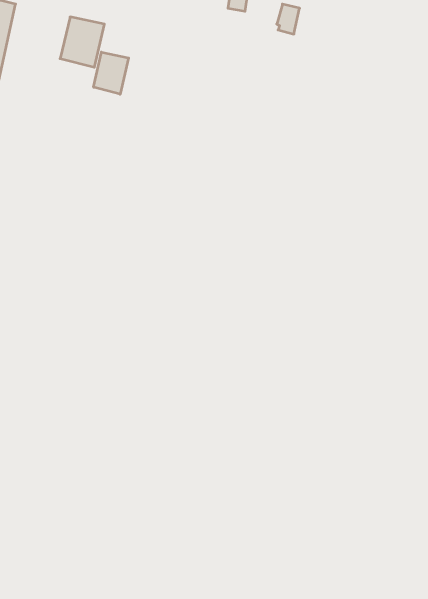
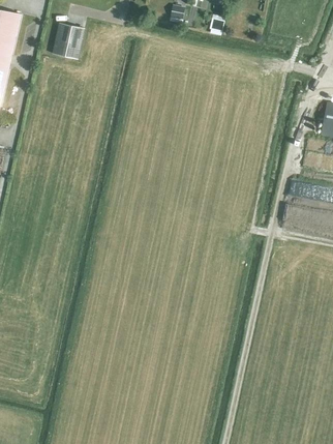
building: [94,52,129,94] -> none

